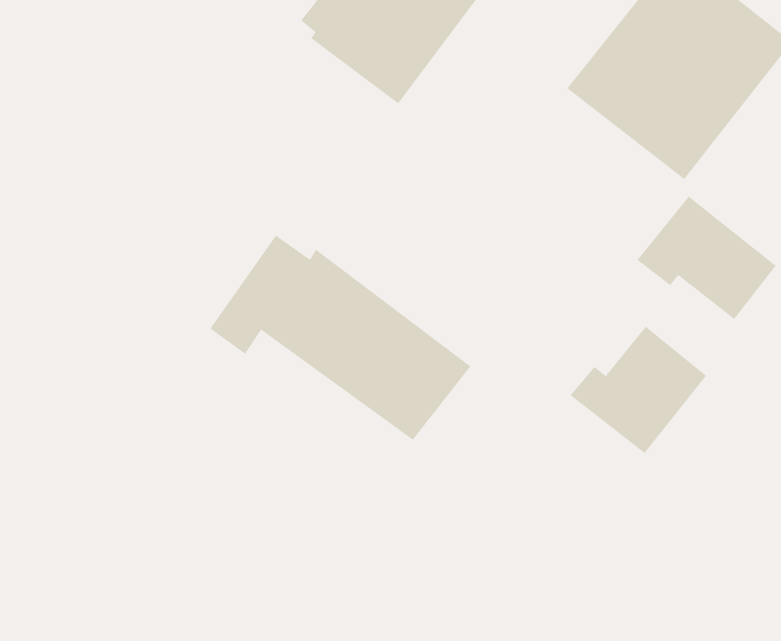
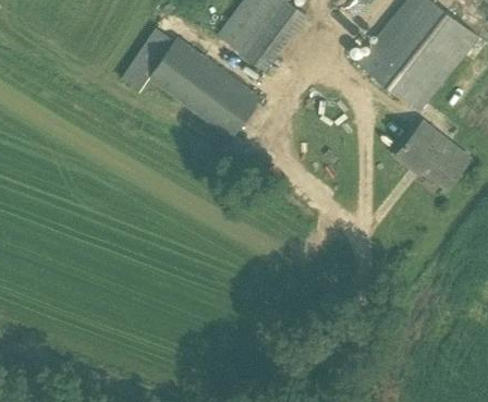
building: [209,235,471,441] -> [119,27,261,139]
building: [570,326,707,454] -> none

